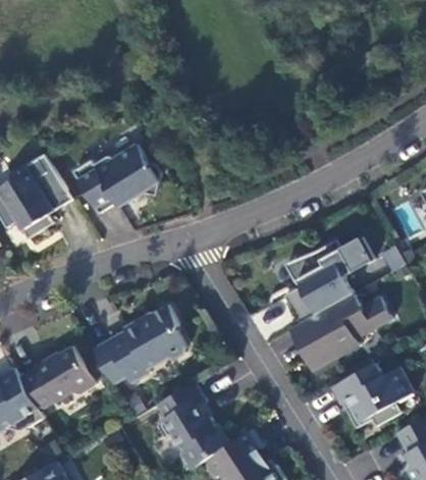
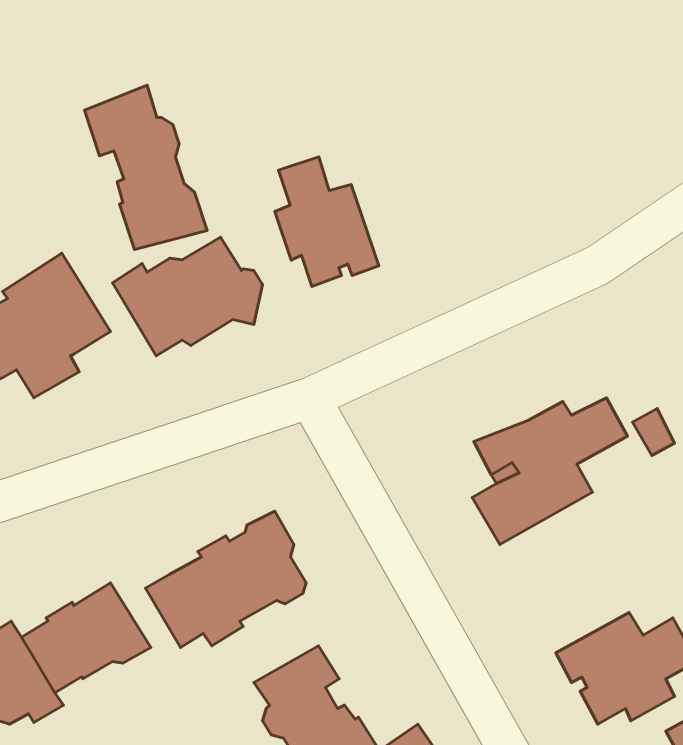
building: none -> [85,85,207,250]
building: none -> [275,157,379,286]
building: [288,292,390,371] -> none

